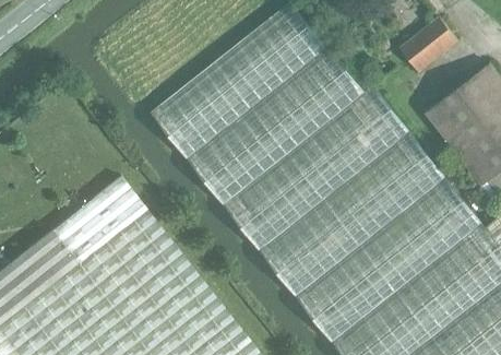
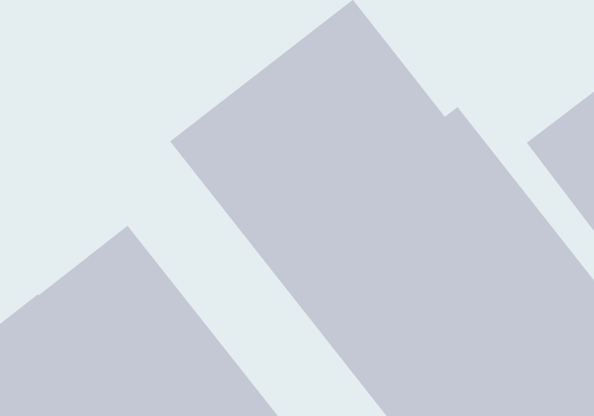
building: [401,17,458,72] -> none

